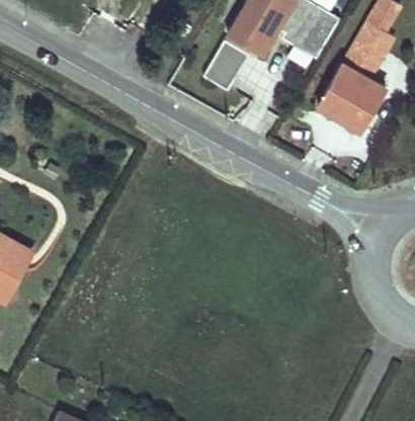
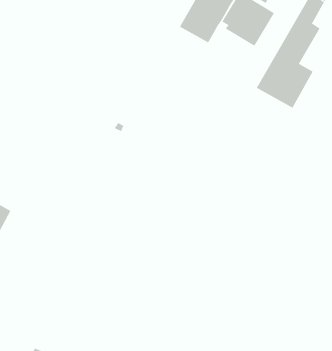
building: [204,40,249,90] -> none

